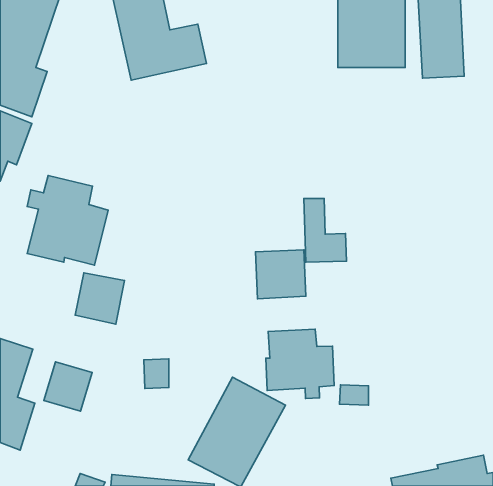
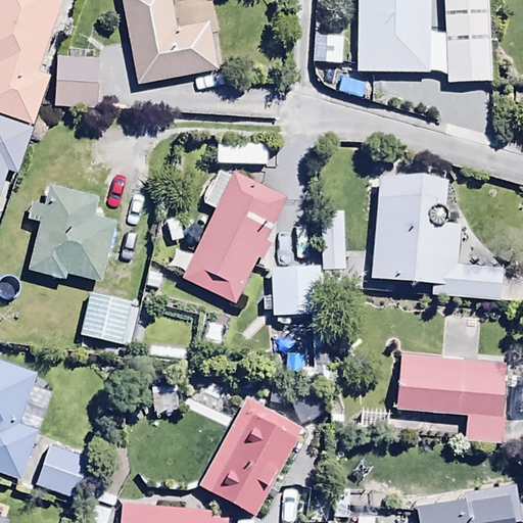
building: none -> [55,54,101,108]
building: none -> [170,169,286,301]
building: none -> [372,177,502,300]
building: none -> [396,320,511,441]
building: [266,329,334,398] -> none
building: [44,362,92,411] -> [36,444,87,496]

